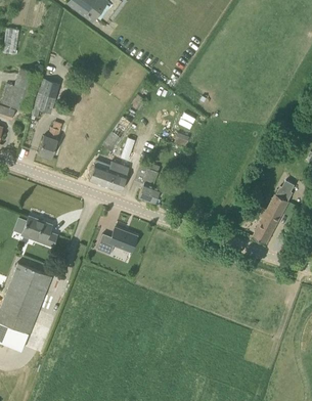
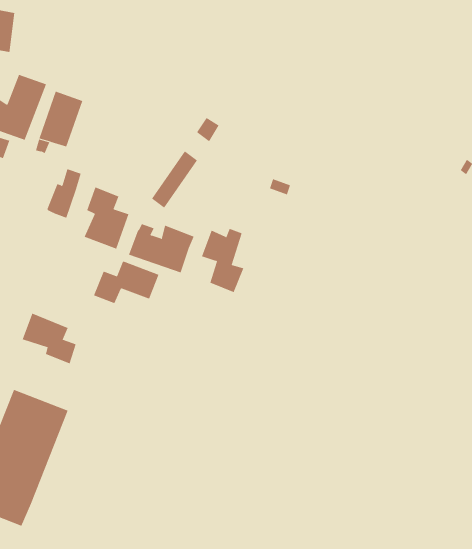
building: none -> [84,186,129,249]
building: [253,181,295,244] -> none
building: [96,227,137,255] -> [93,259,160,304]

